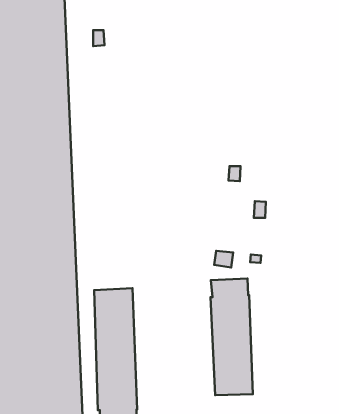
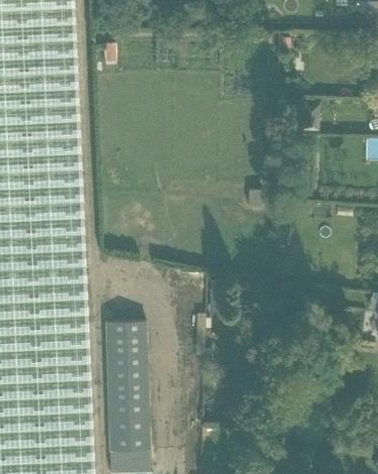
building: [211,278,253,395] -> none

